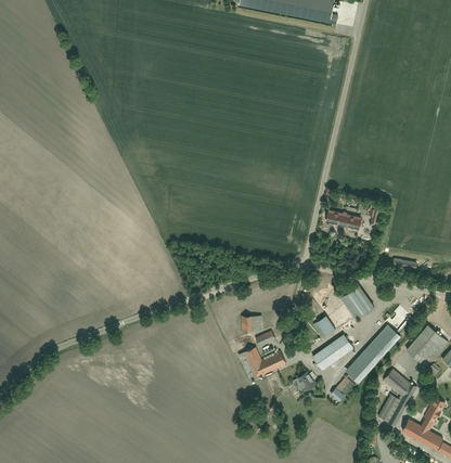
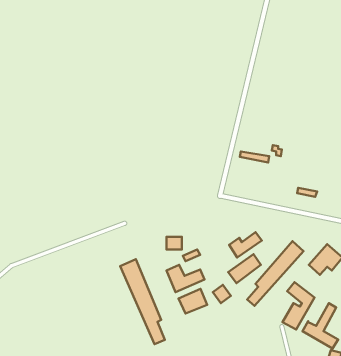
building: [340,286,373,319] -> none
building: none -> [120,259,165,344]
building: none -> [179,289,207,313]

